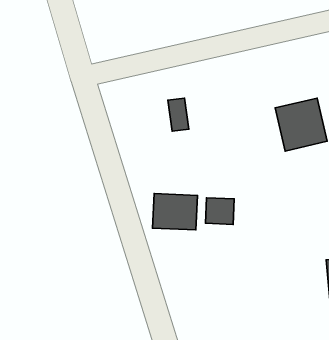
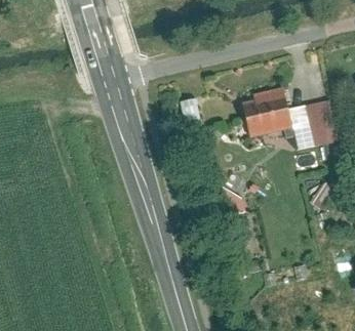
building: none -> [243,88,291,136]
building: [152,194,197,230] -> none

